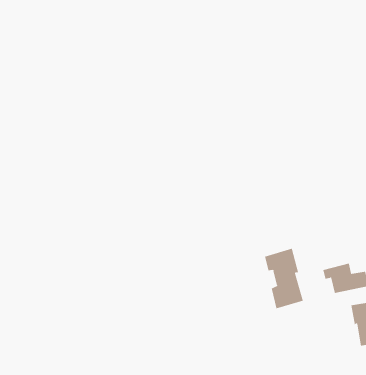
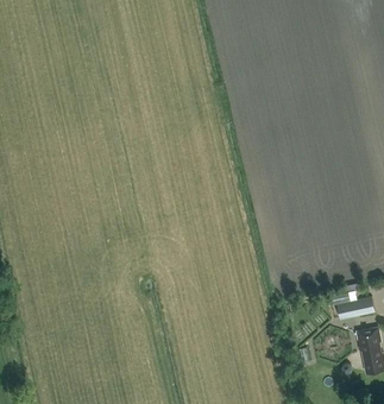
building: [264,248,304,309] -> none

